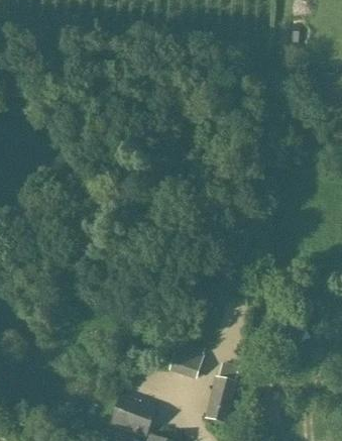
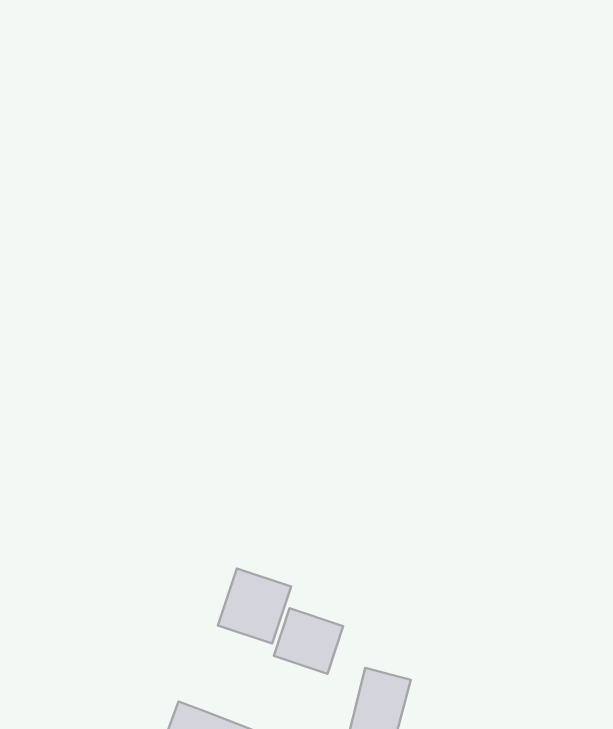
building: none -> [218,569,291,644]

